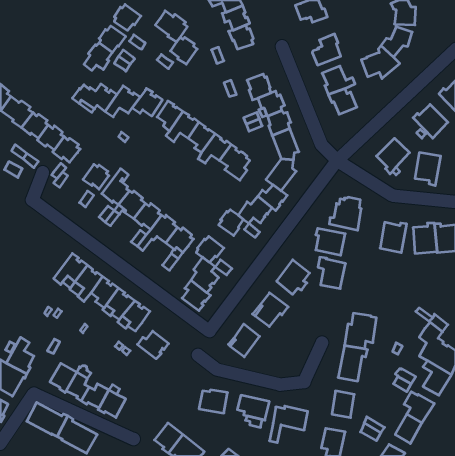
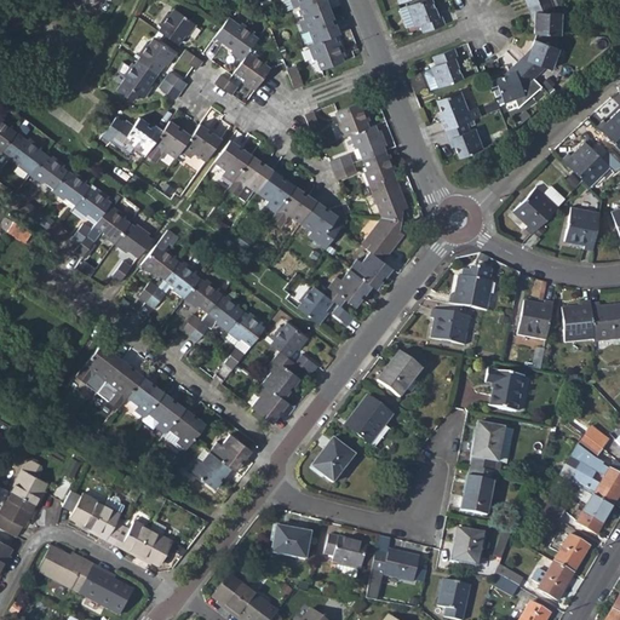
building: none -> [93,207,128,243]
building: [318,257,346,289] -> [486,371,523,413]
building: none -> [208,432,251,469]

